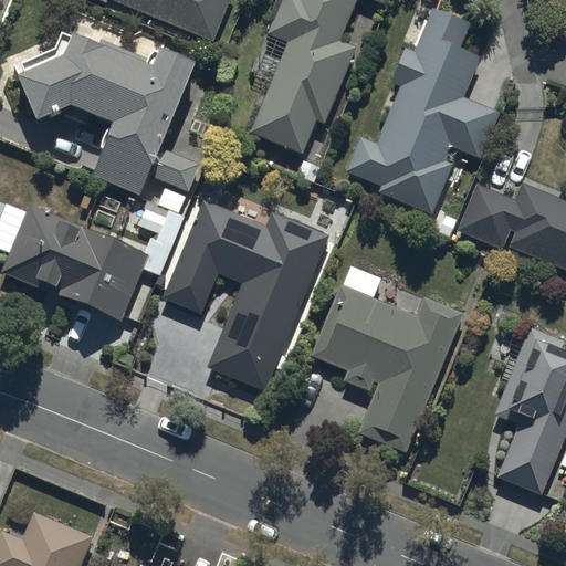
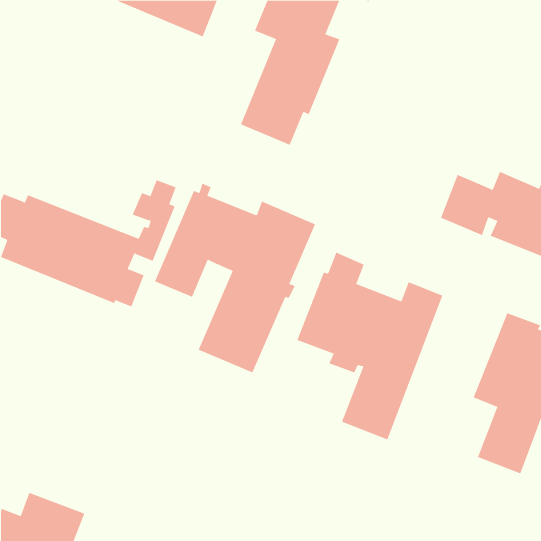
building: [347,7,499,217] -> none
building: [17,28,198,193] -> none

